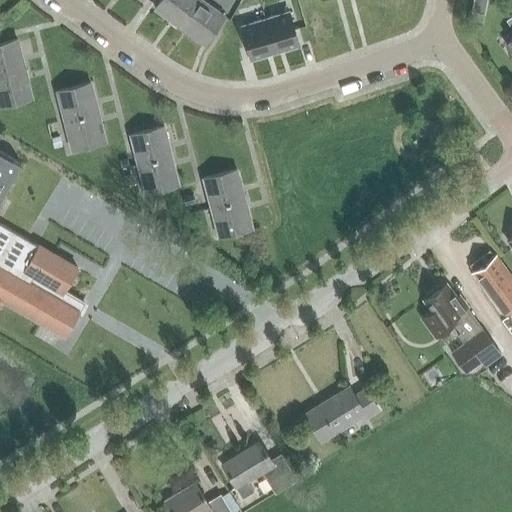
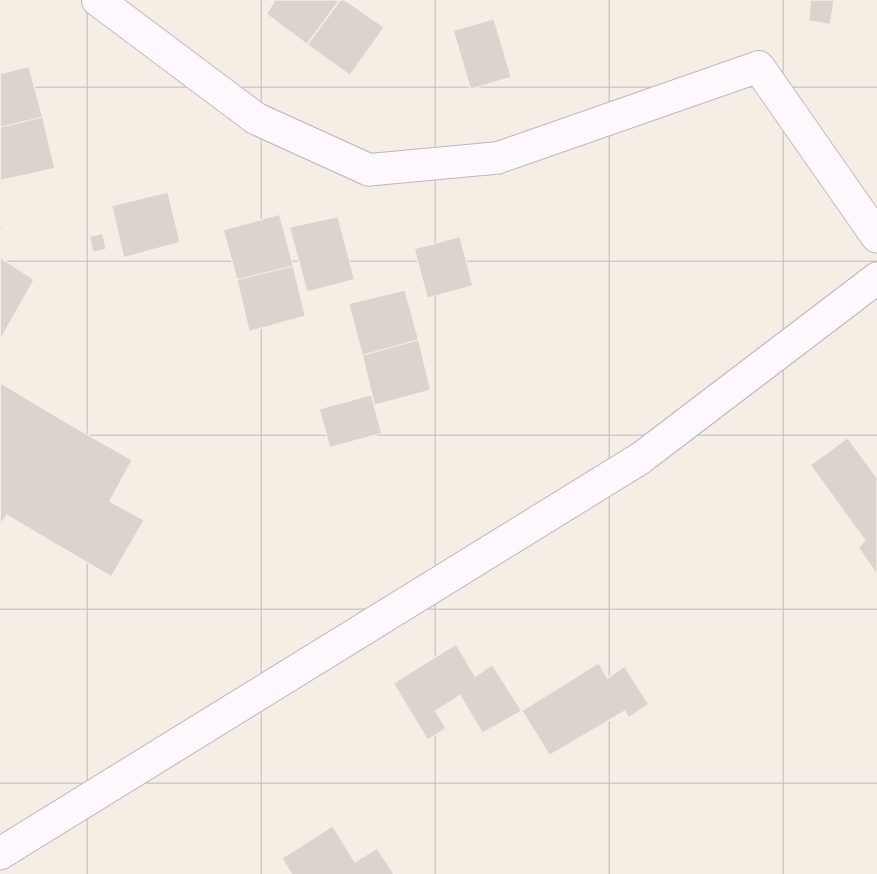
building: [240,20,274,62] -> none
building: [57,84,98,122] -> none
building: none -> [289,216,355,292]
building: none -> [414,237,473,298]
building: none -> [319,395,382,448]
building: [421,283,495,366] -> none
building: [222,443,297,499] -> [393,644,522,740]

